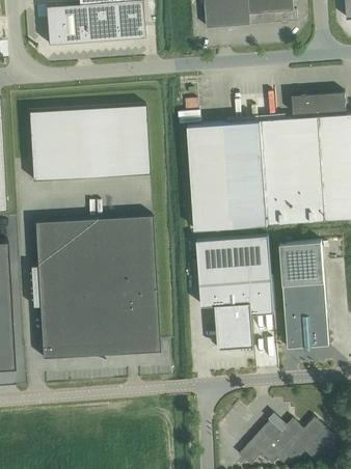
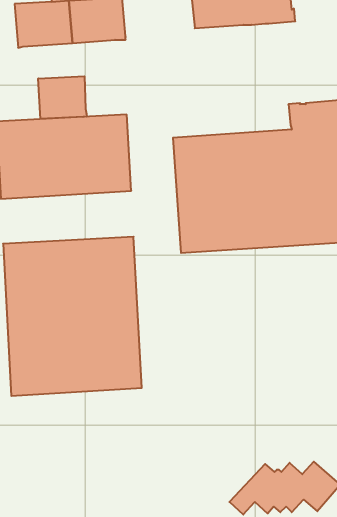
building: none -> [38,76,87,119]
building: [196,236,273,351] -> none
building: [279,242,328,351] -> none

